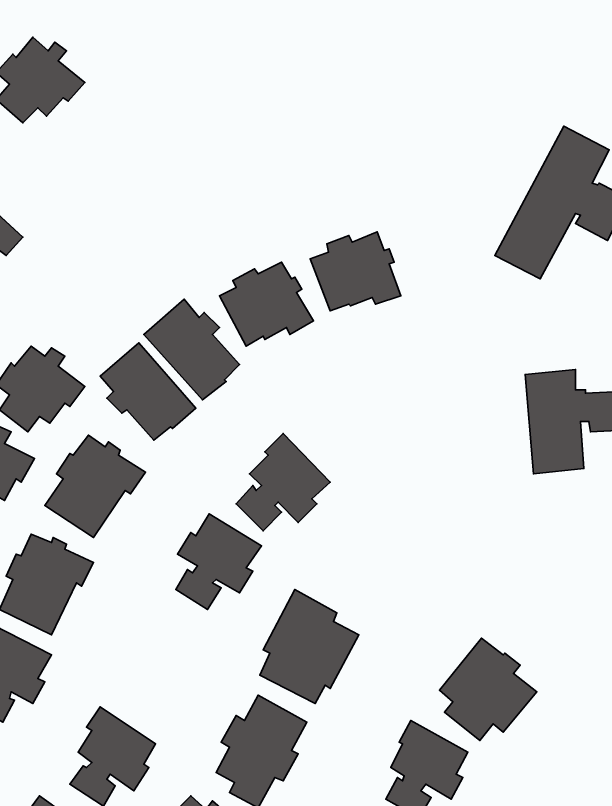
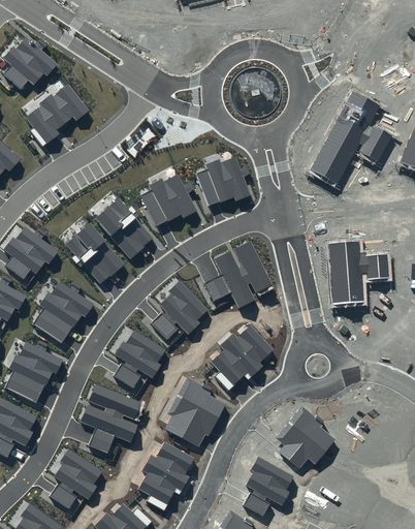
building: none -> [25,84,89,147]
building: none -> [202,241,273,308]
building: none -> [210,324,273,391]
building: none -> [78,383,140,454]

